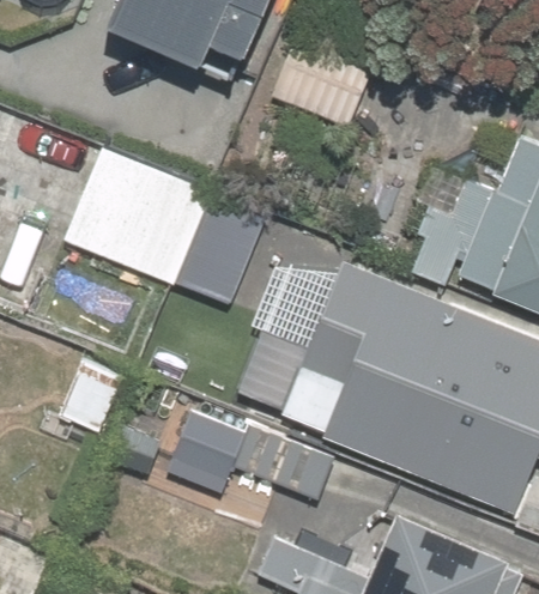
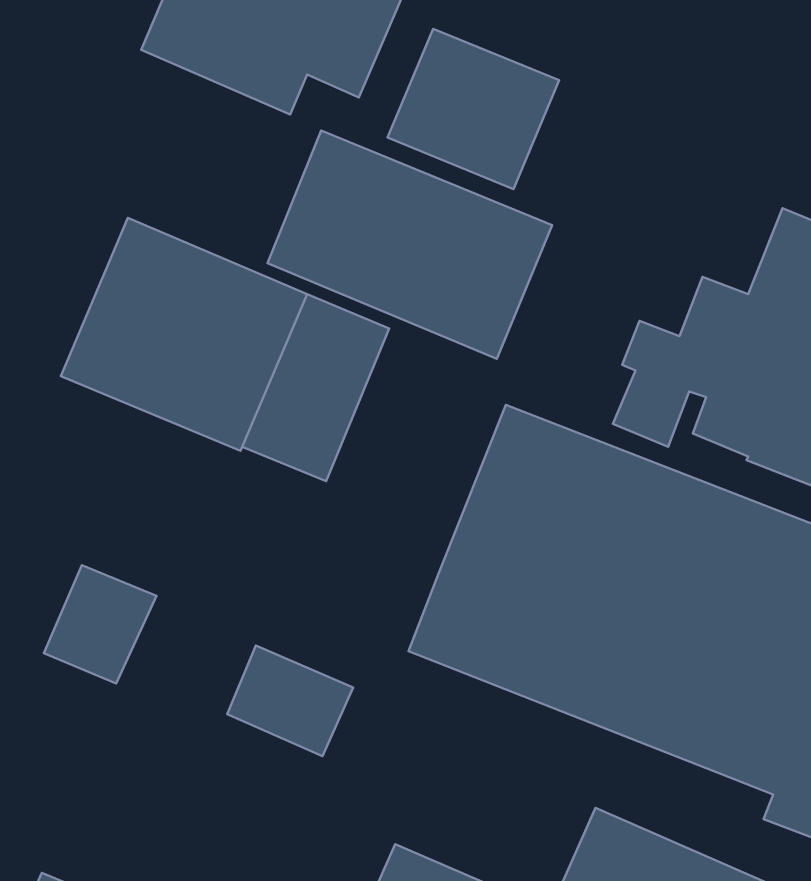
building: none -> [268,130,552,359]

